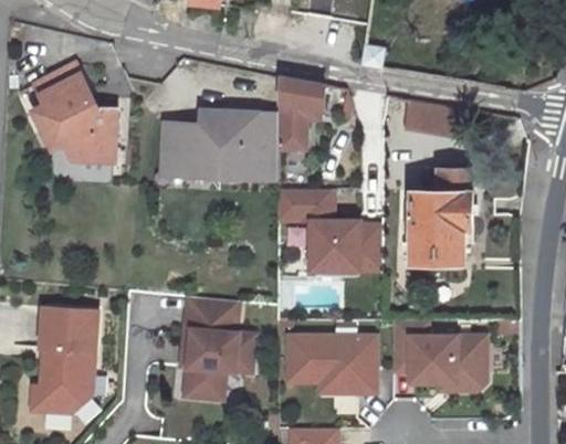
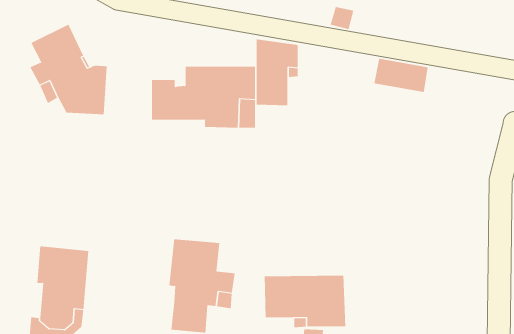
building: [411,170,472,264] -> none
building: [274,190,375,273] -> none
building: [394,321,486,392] -> none

